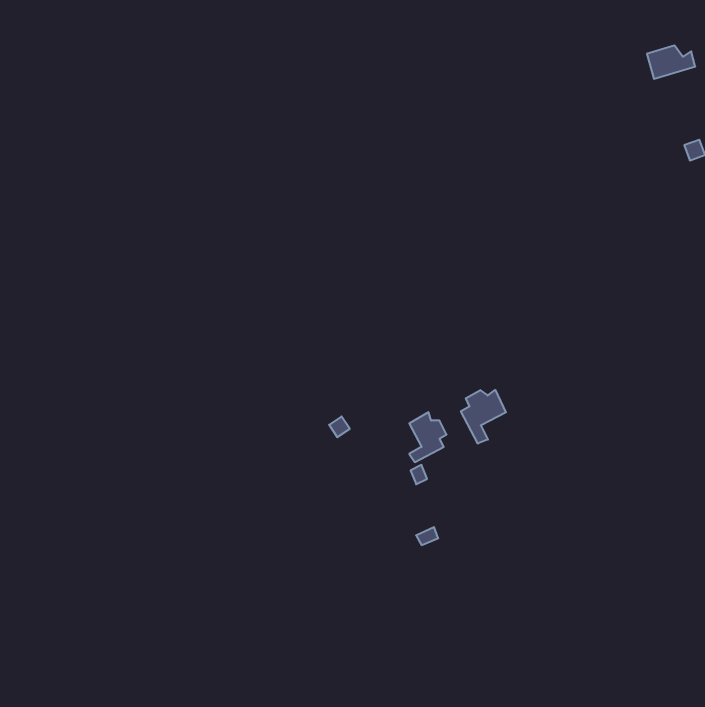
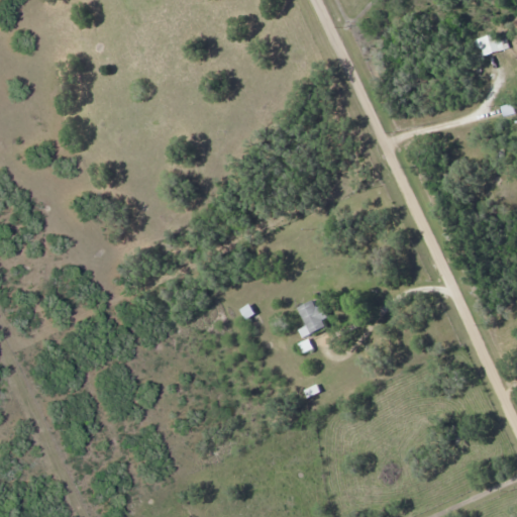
building: [461,390,506,444] -> none

